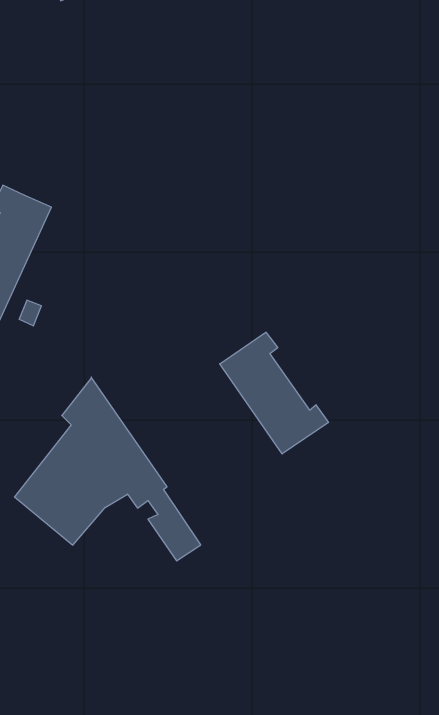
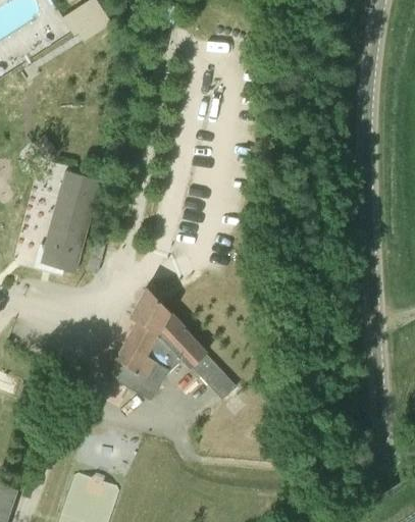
building: [220,332,328,454] -> none

